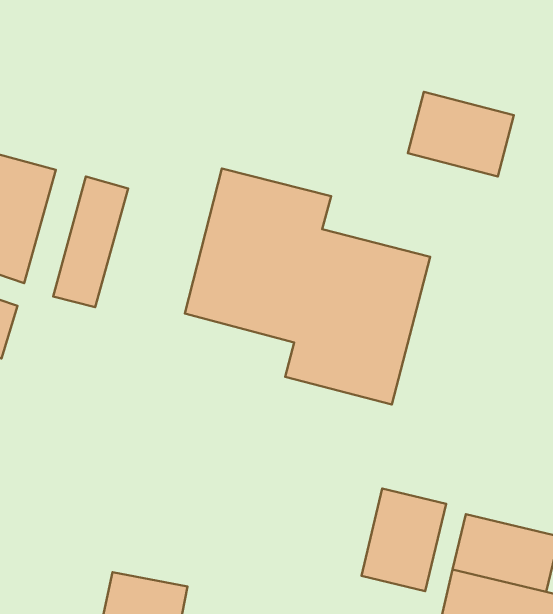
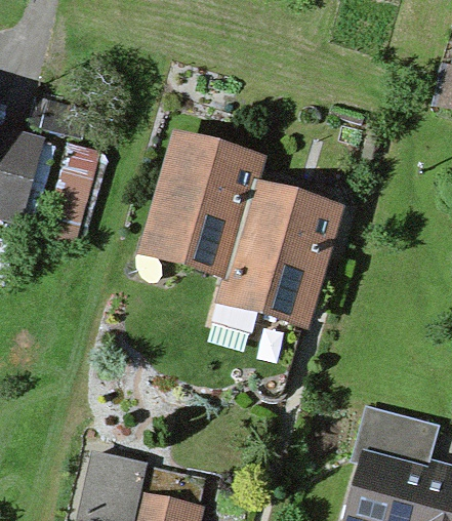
building: [408,92,514,176] -> none
building: [361,488,446,591] -> none

